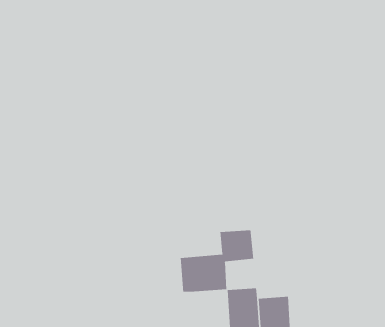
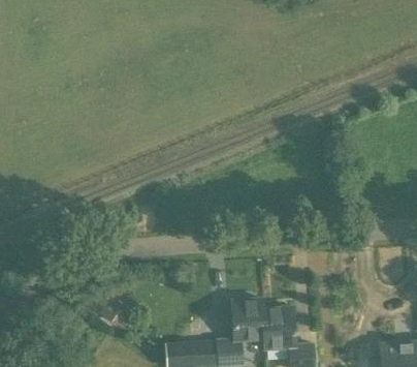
building: [180,229,254,293] -> none

